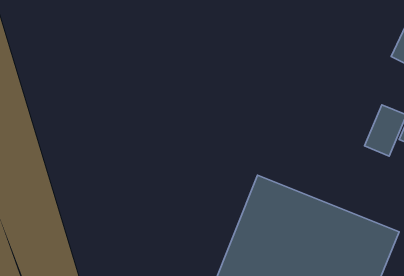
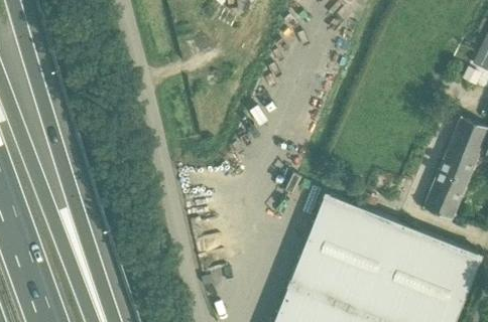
building: none -> [424,162,471,219]

